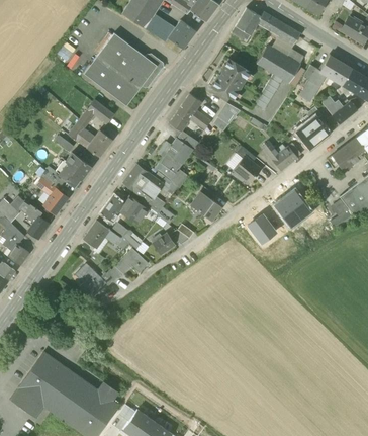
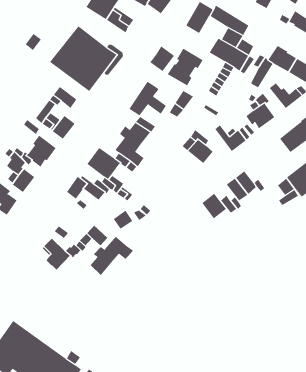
building: [168,19,195,48] -> [150,46,175,72]
building: [190,191,220,220] -> none
building: [83,221,119,248] -> none
building: none -> [90,236,134,276]

